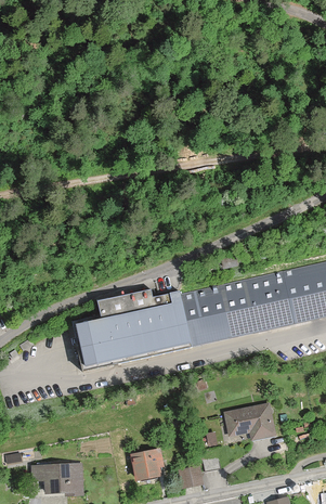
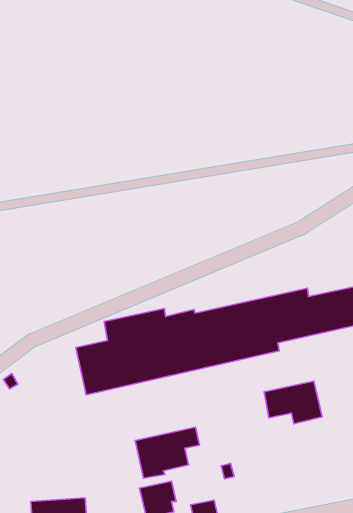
building: none -> [135,427,199,478]
building: [223,403,276,442] -> [264,381,322,424]

